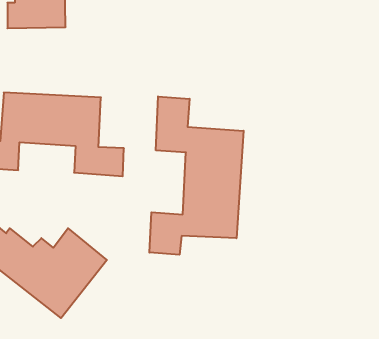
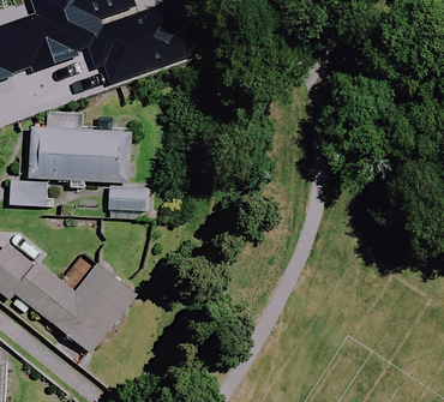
building: [149,96,244,255] -> none

